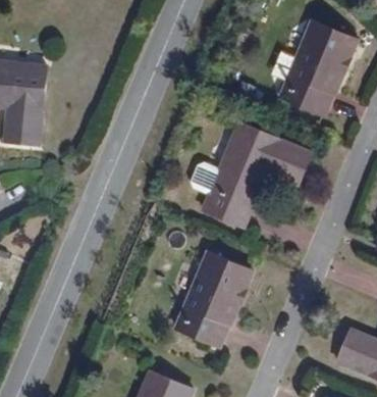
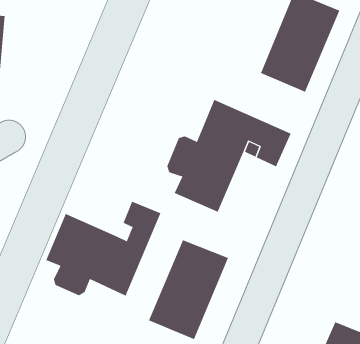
building: none -> [45,201,161,296]

